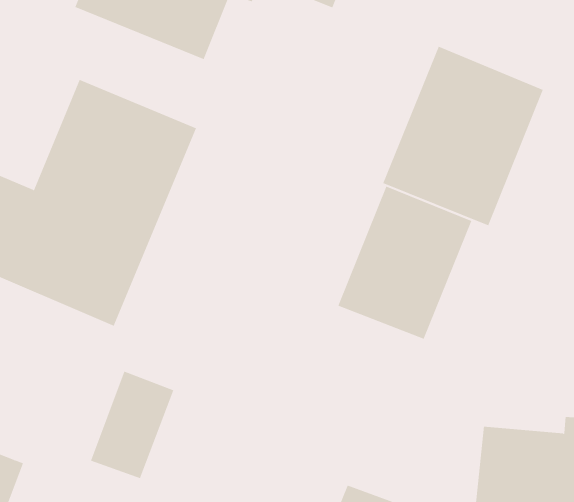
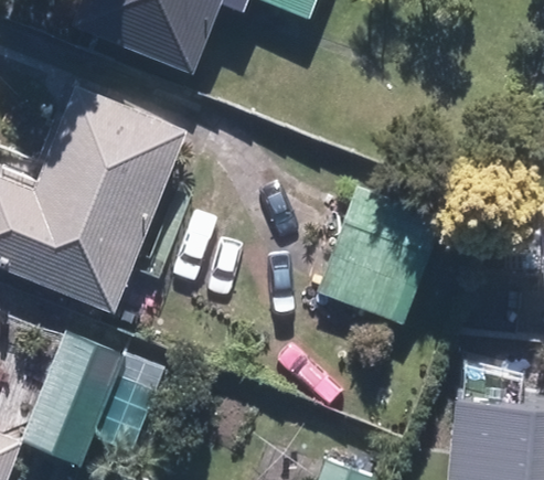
building: [383,46,544,226] -> none
building: none -> [21,330,121,466]

